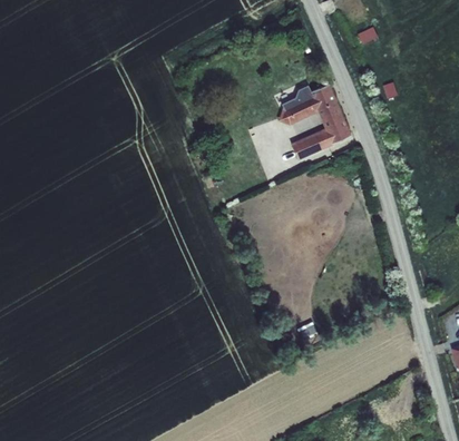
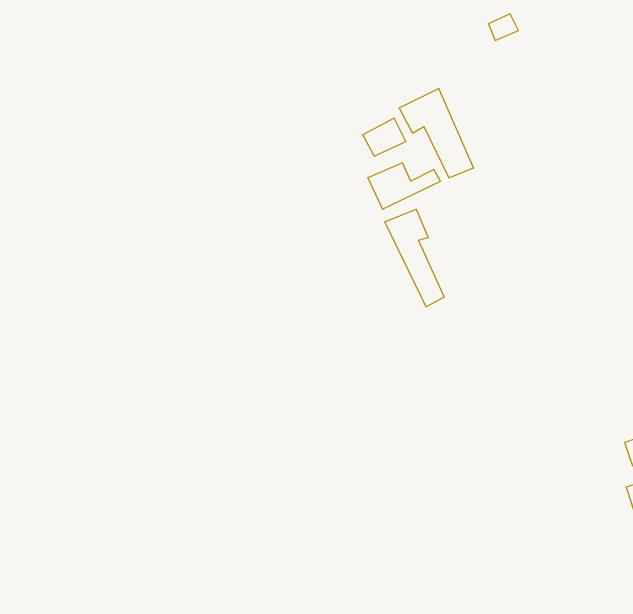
building: none -> [385,209,444,307]

